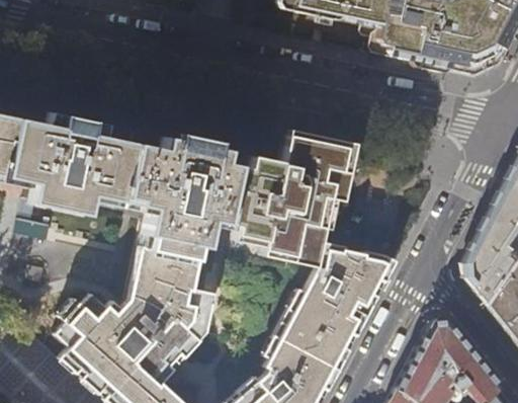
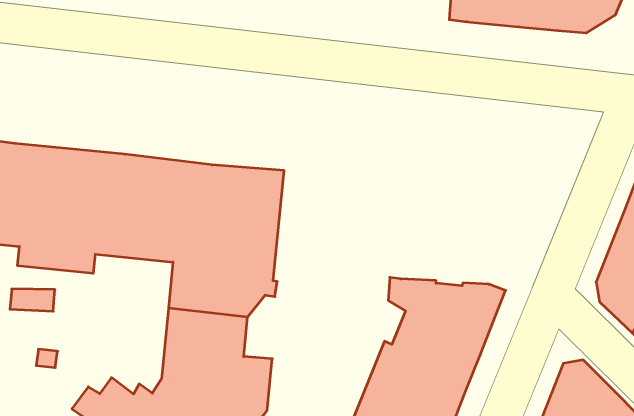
building: [223,136,354,262] -> none

